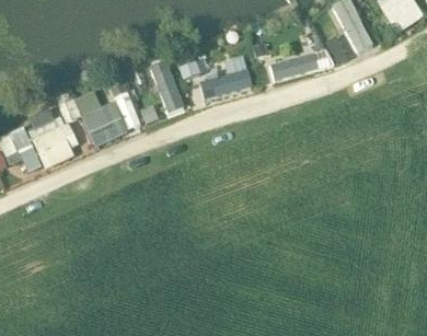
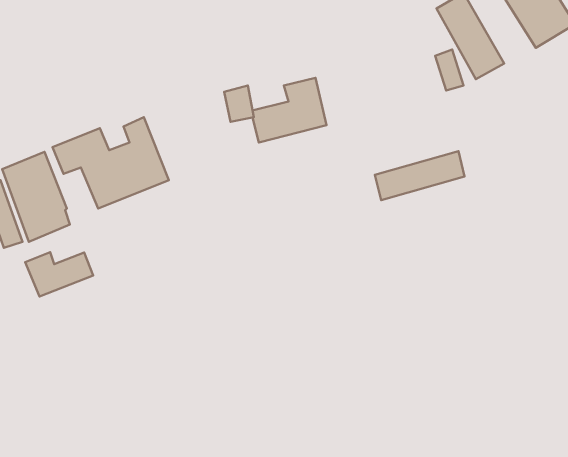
building: [269,48,332,82] -> [375,151,465,200]
building: [151,65,185,114] -> none
building: none -> [25,252,93,296]

